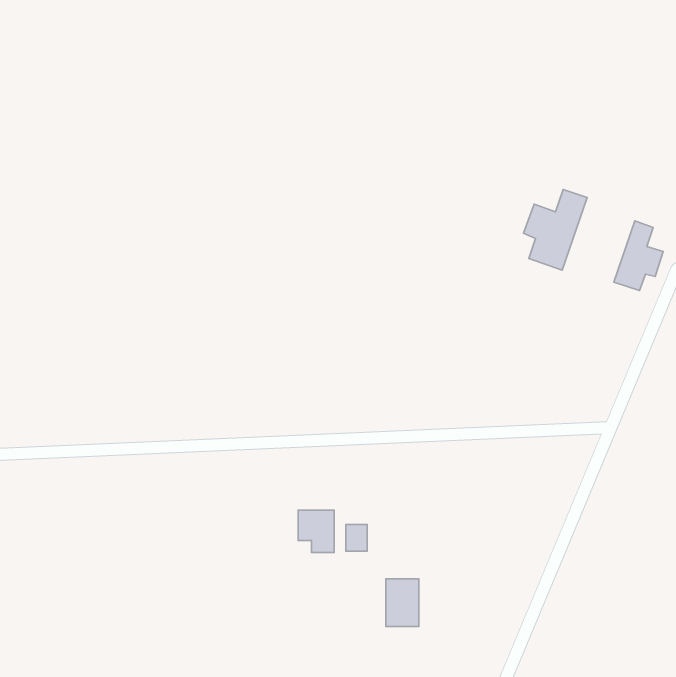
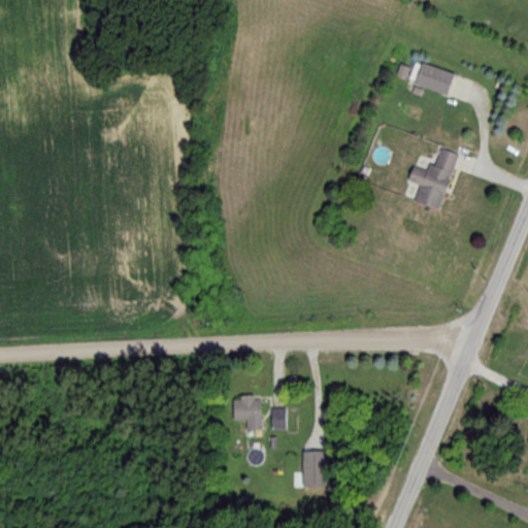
building: none -> [412,63,457,96]
building: [614,221,663,291] -> none

